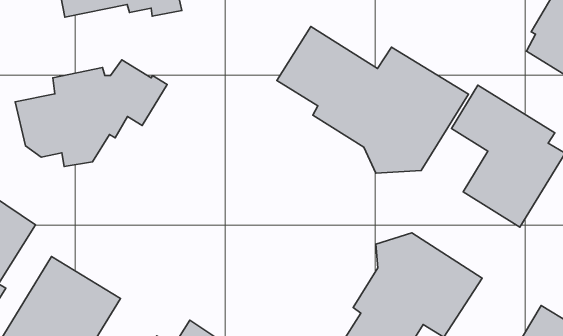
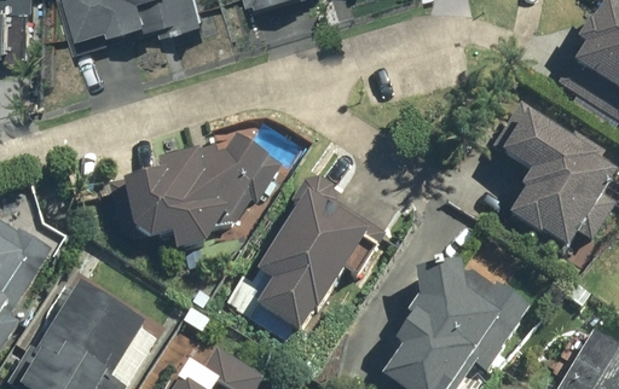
building: [277,27,469,173] -> none
building: [15,60,167,166] -> [118,140,280,254]
building: none -> [254,181,384,335]

